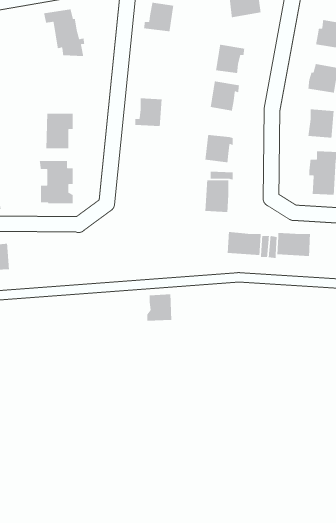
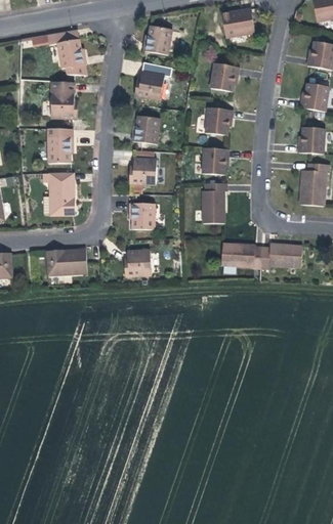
building: none -> [135,71,165,99]
building: none -> [52,82,78,117]
building: none -> [131,158,157,184]
building: none -> [131,203,157,229]
building: none -> [49,251,89,275]
building: [147,294,172,322] -> [127,249,152,275]

